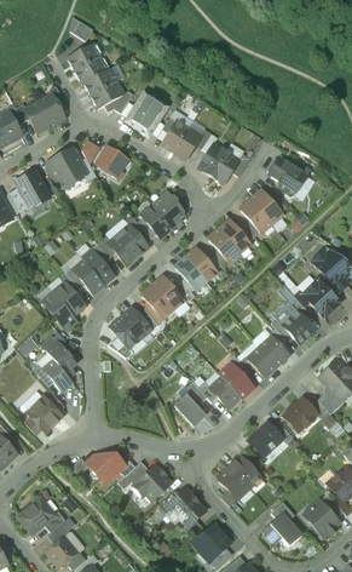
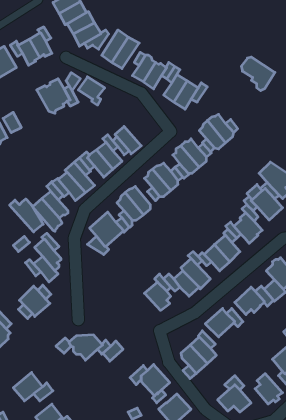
building: [267,158,307,198] -> [241,57,275,91]
building: [19,171,50,206] -> none
building: [151,191,184,228] -> none
building: none -> [10,199,43,232]
building: [133,465,171,499] -> none

